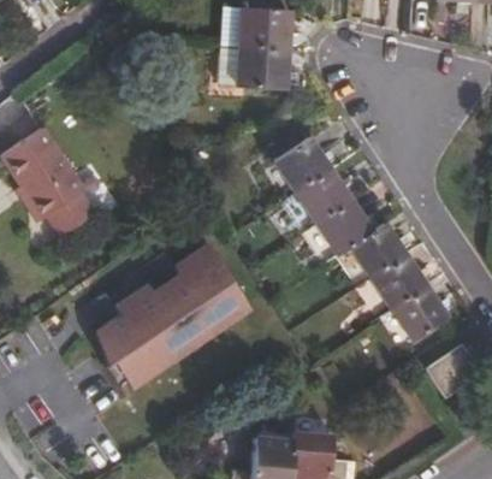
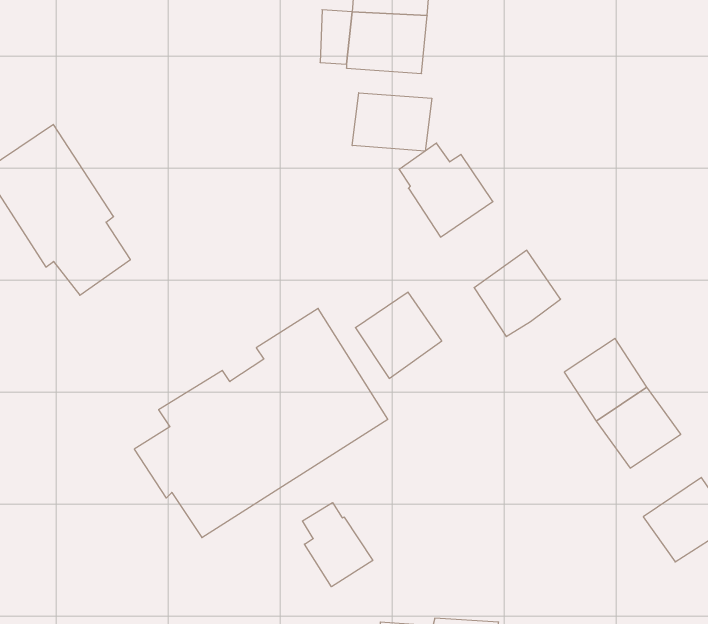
building: none -> [352,93,432,151]
building: [292,171,348,226] -> [355,292,442,378]
building: [350,226,404,280] -> none
building: none -> [302,503,373,587]

